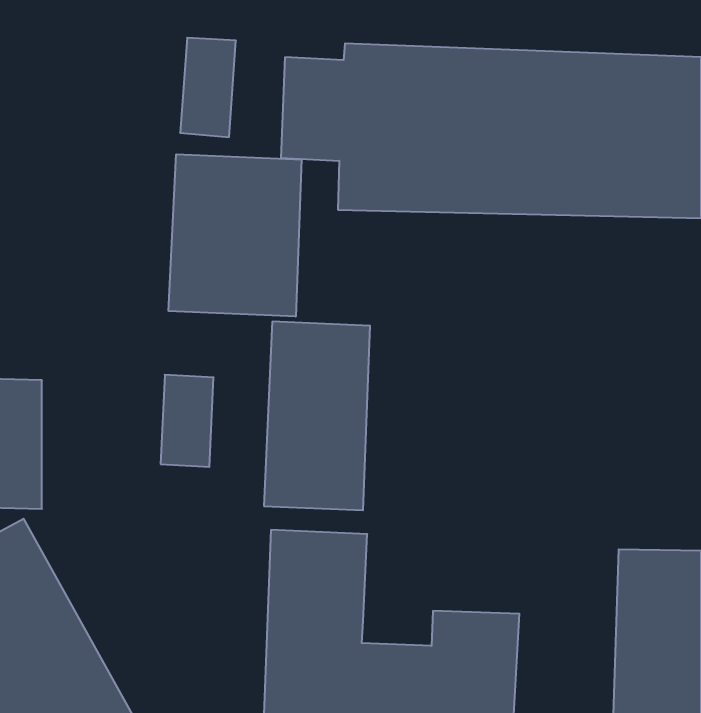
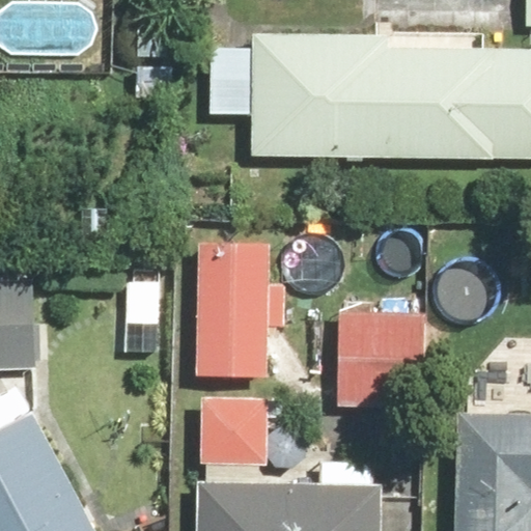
building: [169,154,302,317] -> none
building: none -> [334,307,428,411]

